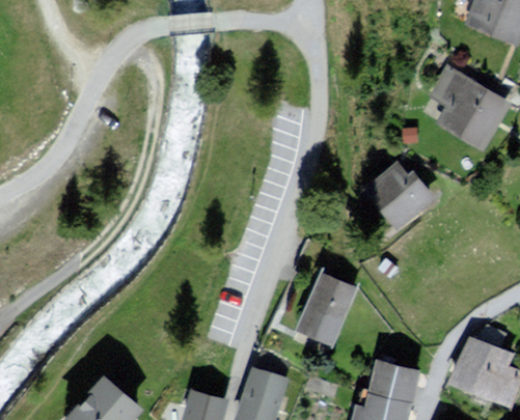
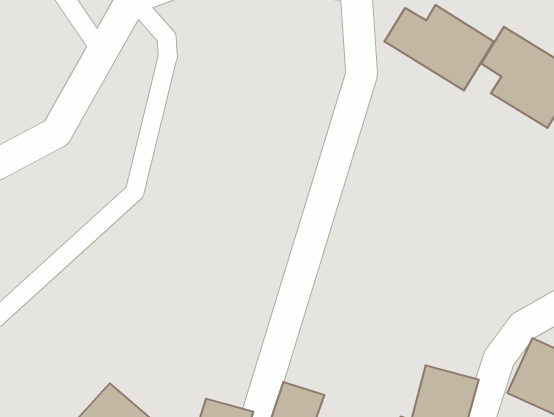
building: none -> [384,5,494,91]
building: [362,162,436,227] -> none
building: [295,274,357,347] -> none

